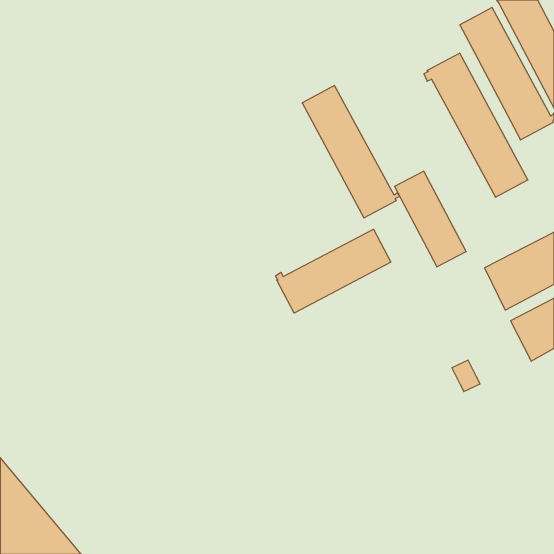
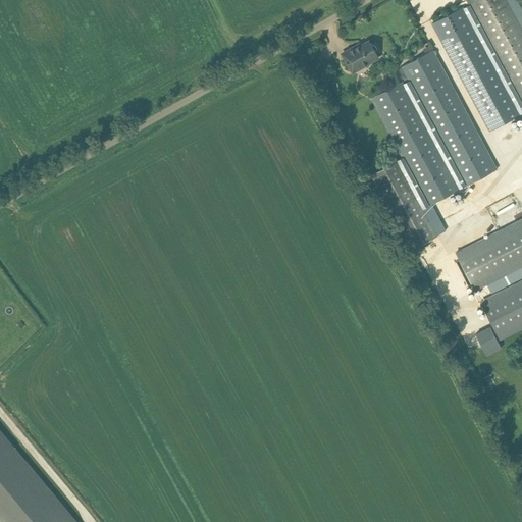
building: none -> [342,41,378,72]
building: [302,86,400,218] -> [371,82,463,206]
building: [276,229,391,313] -> none
building: [452,360,480,392] -> [475,327,502,357]

